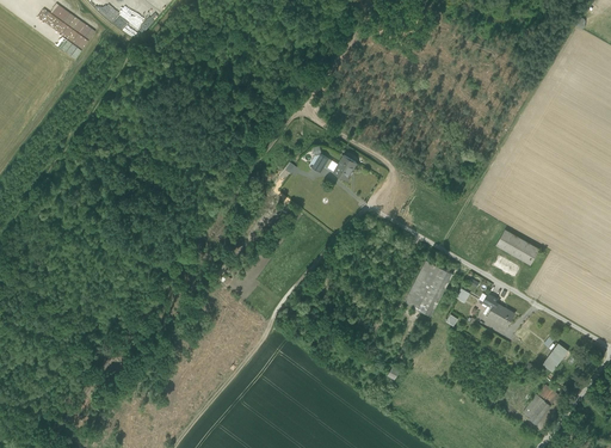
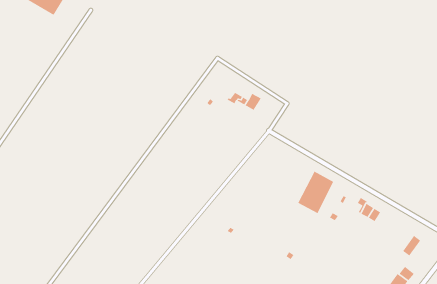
building: [495,229,538,264] -> none

